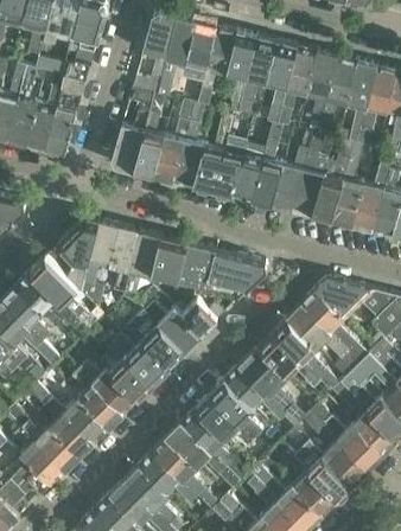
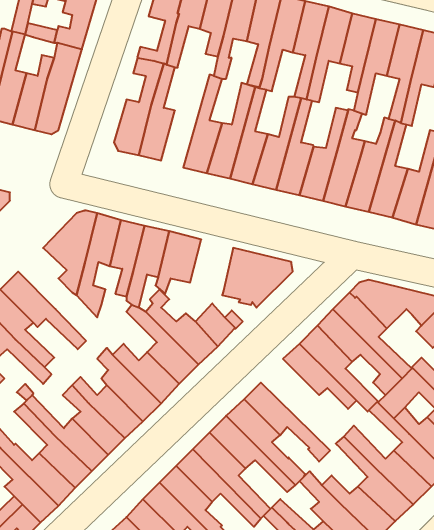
building: [153,102,195,184] -> none
building: [178,245,215,299] -> none
building: [31,258,97,332] -> none
building: [238,347,304,426] -> none

